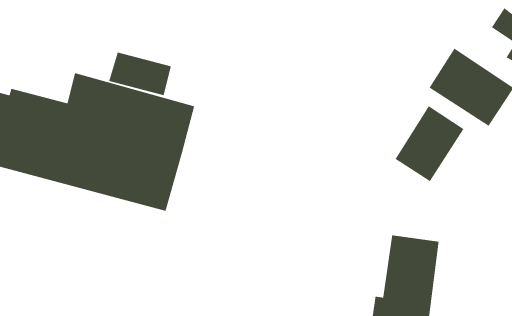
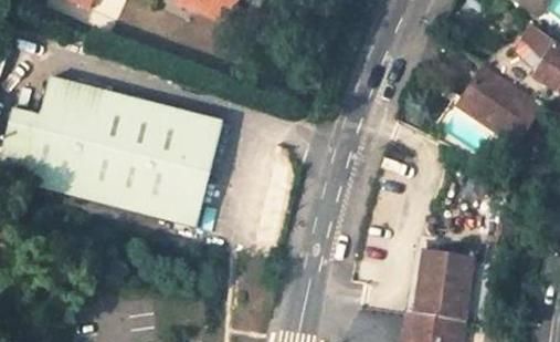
building: [108,51,172,96] -> [44,75,107,120]
building: [395,105,465,182] -> none

